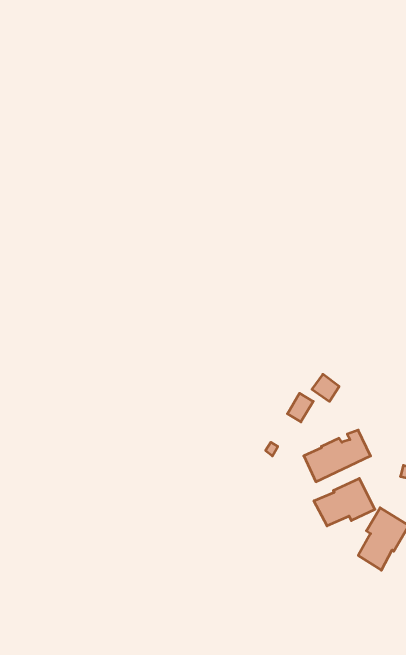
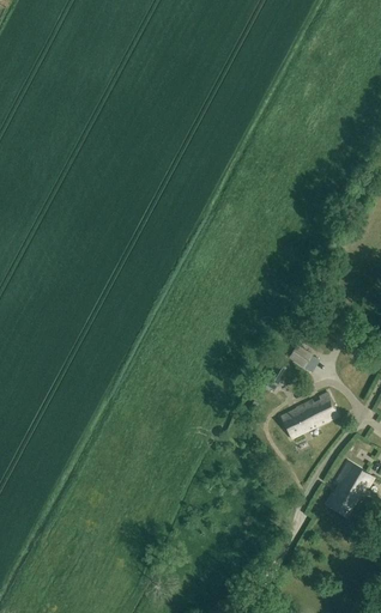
building: [314,478,375,526] -> none

